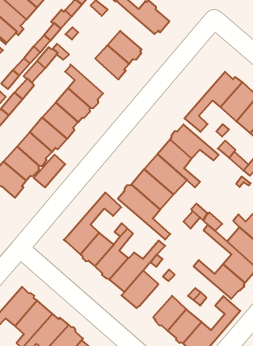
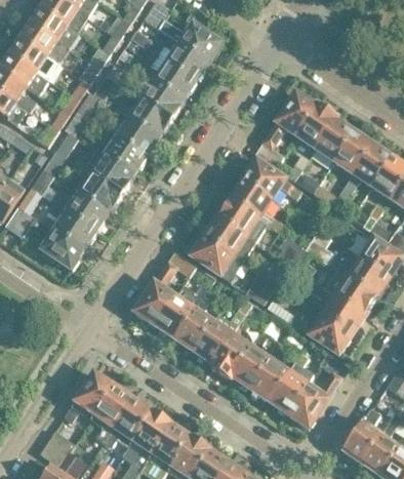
building: none -> [168,42,208,81]
building: none -> [116,97,173,136]
building: [34,155,65,187] -> none
building: none -> [232,348,268,387]

